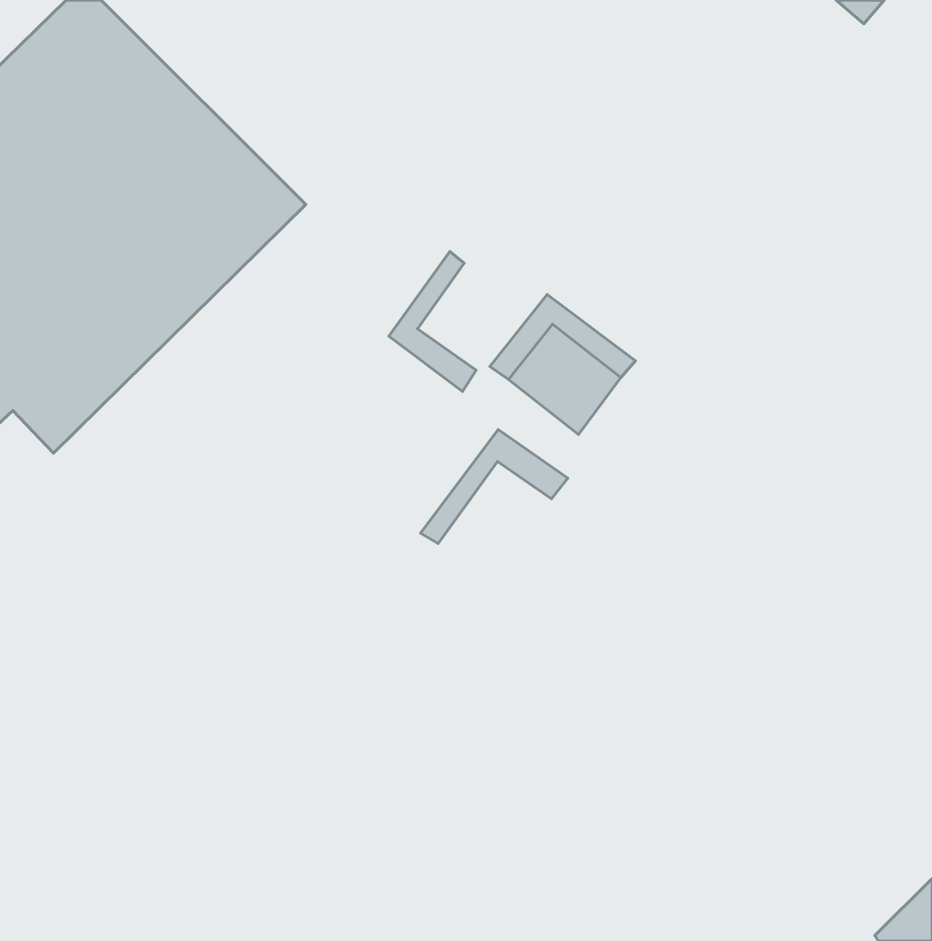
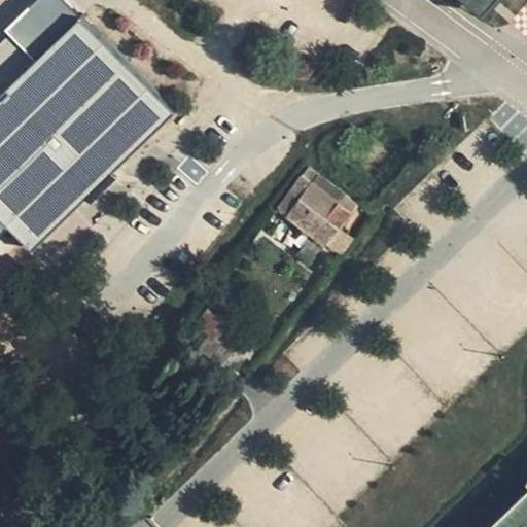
building: [389,251,476,391] -> none
building: [420,430,568,544] -> none

